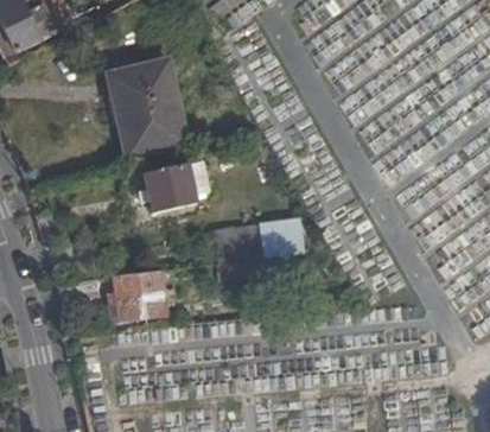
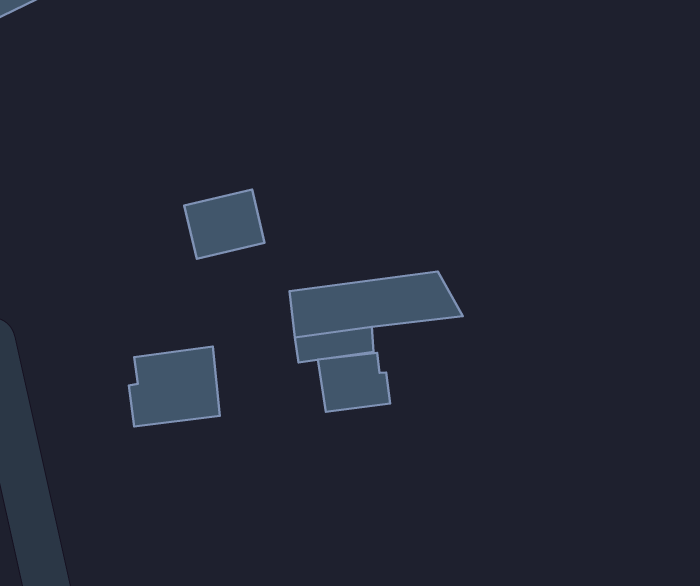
building: [107,59,185,154] -> none
building: none -> [318,353,390,412]

